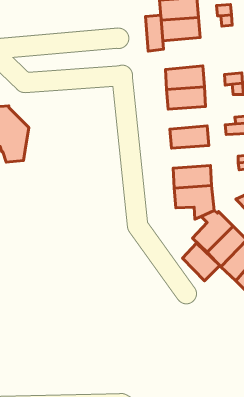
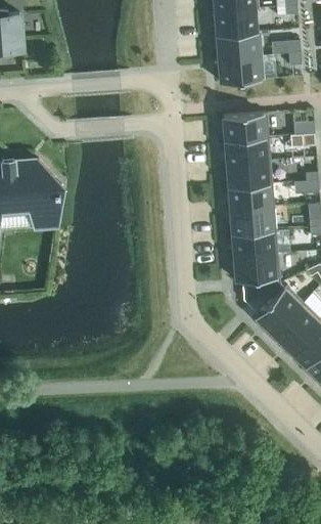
building: [146,15,164,51] -> none
building: none -> [226,161,272,187]
building: none -> [230,207,276,233]
building: [182,243,220,281] -> none

